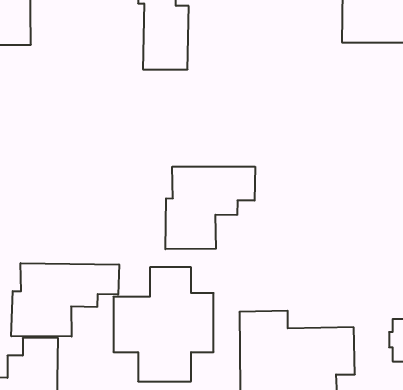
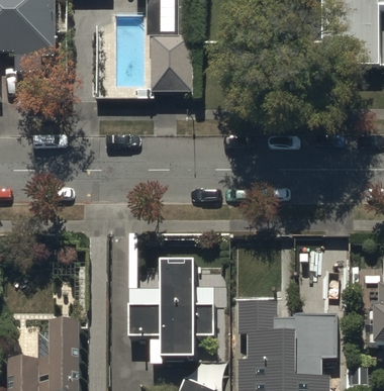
building: [165,167,255,249] -> none
building: [11,263,119,337] -> none

